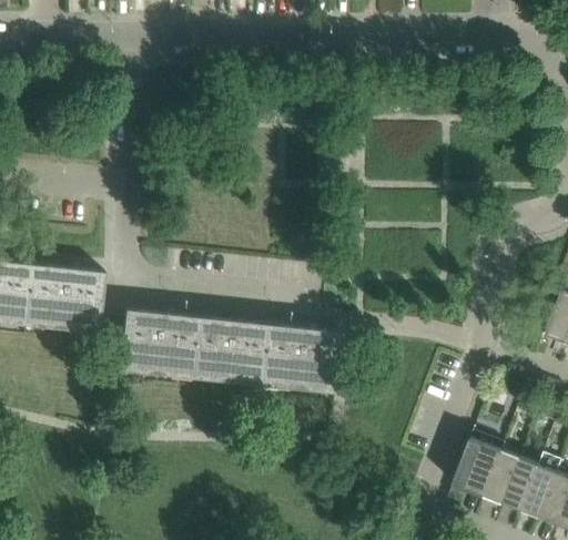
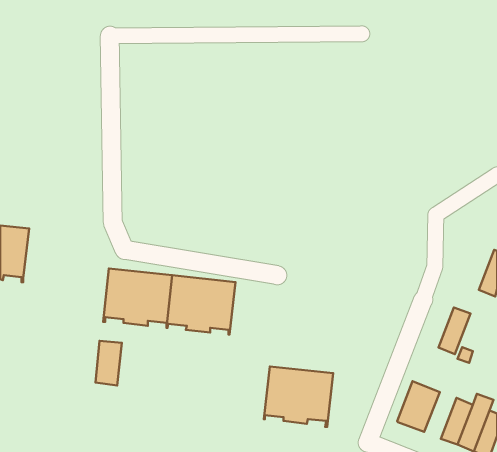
building: [27,263,104,333] -> none
building: [262,324,341,393] -> [264,366,333,427]
building: none -> [95,341,122,385]
building: [484,449,520,502] -> [438,308,471,354]

